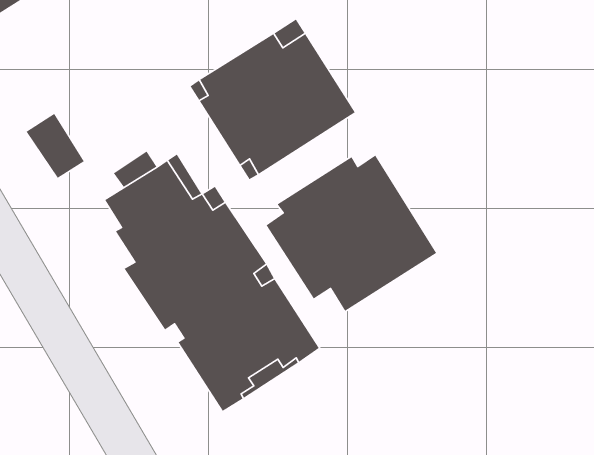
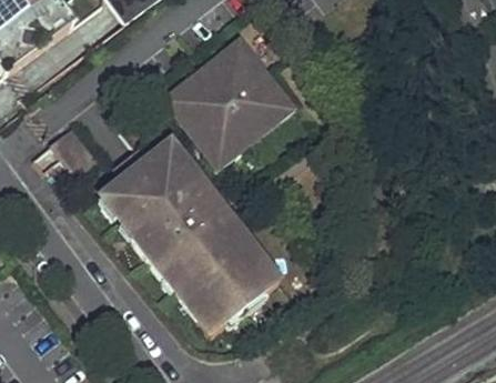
building: [265,154,437,312] -> none

